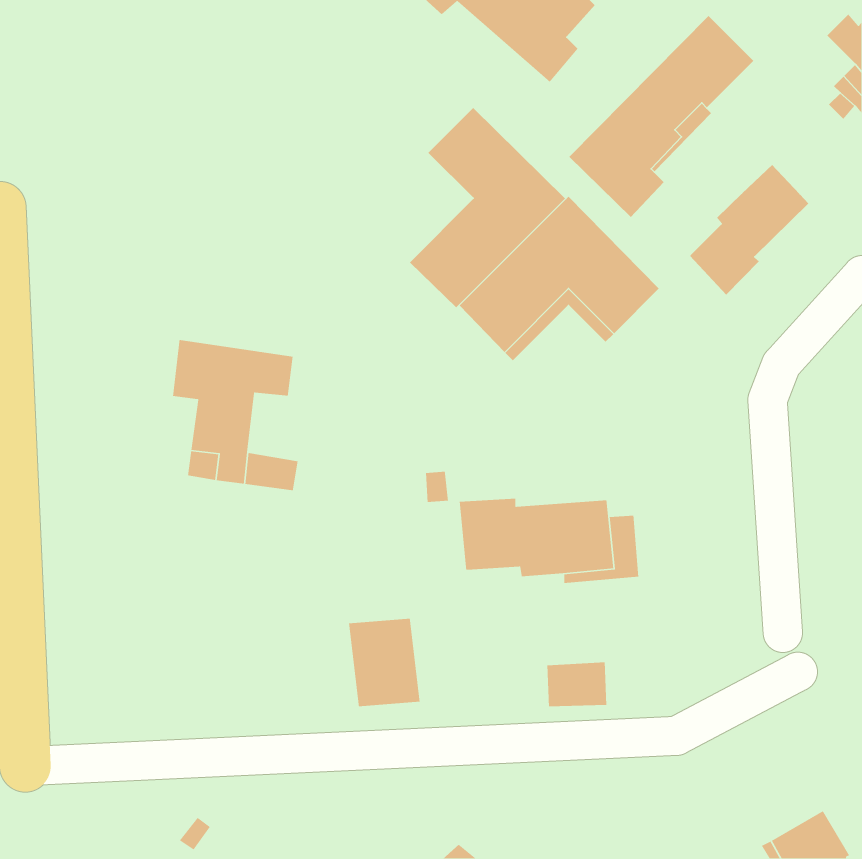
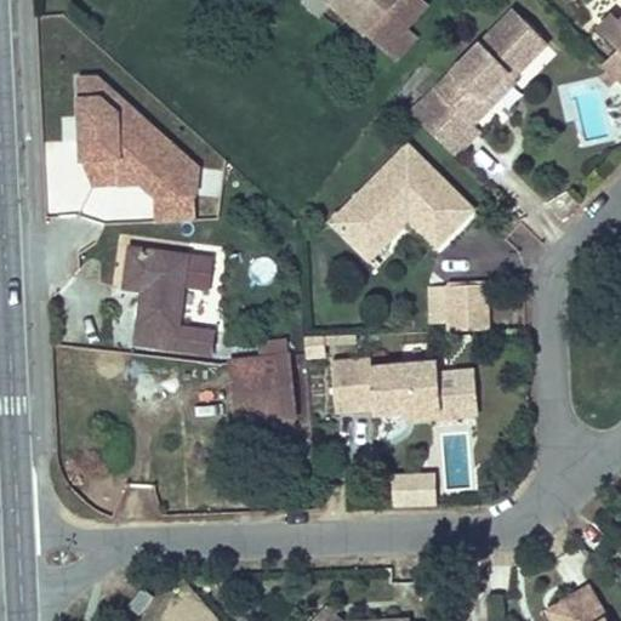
building: [409,107,566,308] -> none
building: none -> [78,78,198,222]
building: [689,164,809,295] -> none
building: none -> [446,281,489,329]
building: [348,618,421,707] -> [232,355,284,420]

